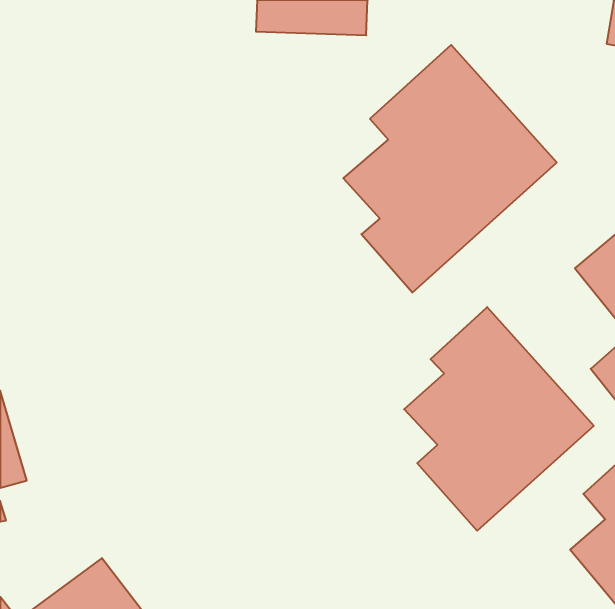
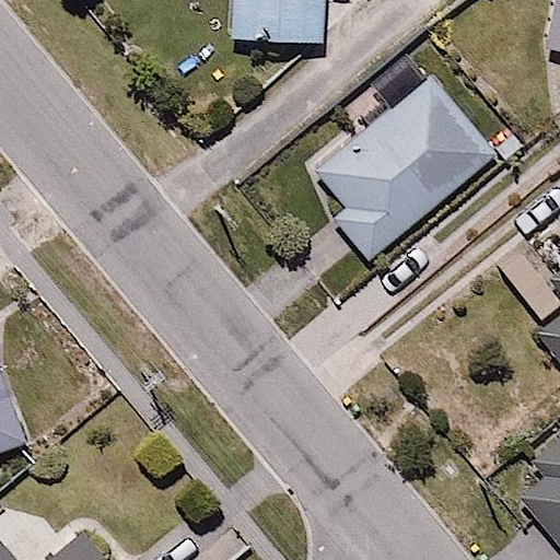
building: [404,307,594,531] -> none

